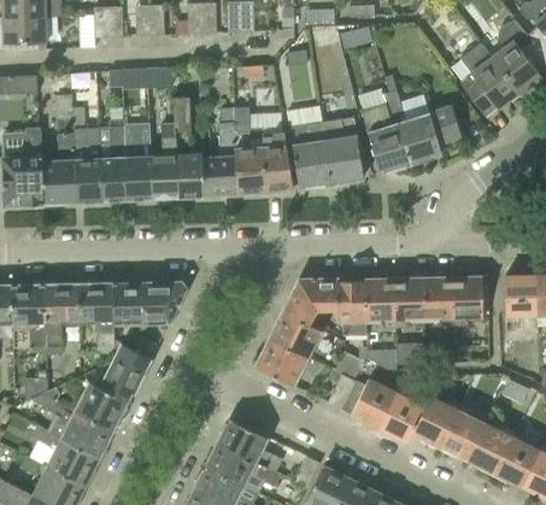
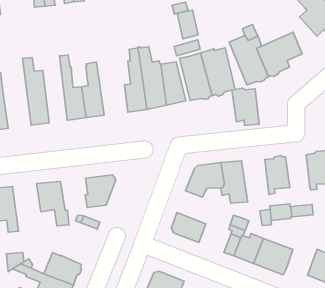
building: [104,65,169,87] -> none
building: [40,94,75,202] -> none
building: [171,99,211,196] -> none
building: [98,108,125,200] -> none
building: [424,275,456,327] -> none
building: [363,276,397,328] -> [232,88,259,125]
building: [108,282,145,324] -> none
building: [41,283,77,347] -> none
building: [266,312,319,360] -> none
building: [99,342,151,401] -> none
building: [412,397,457,445] -> none

